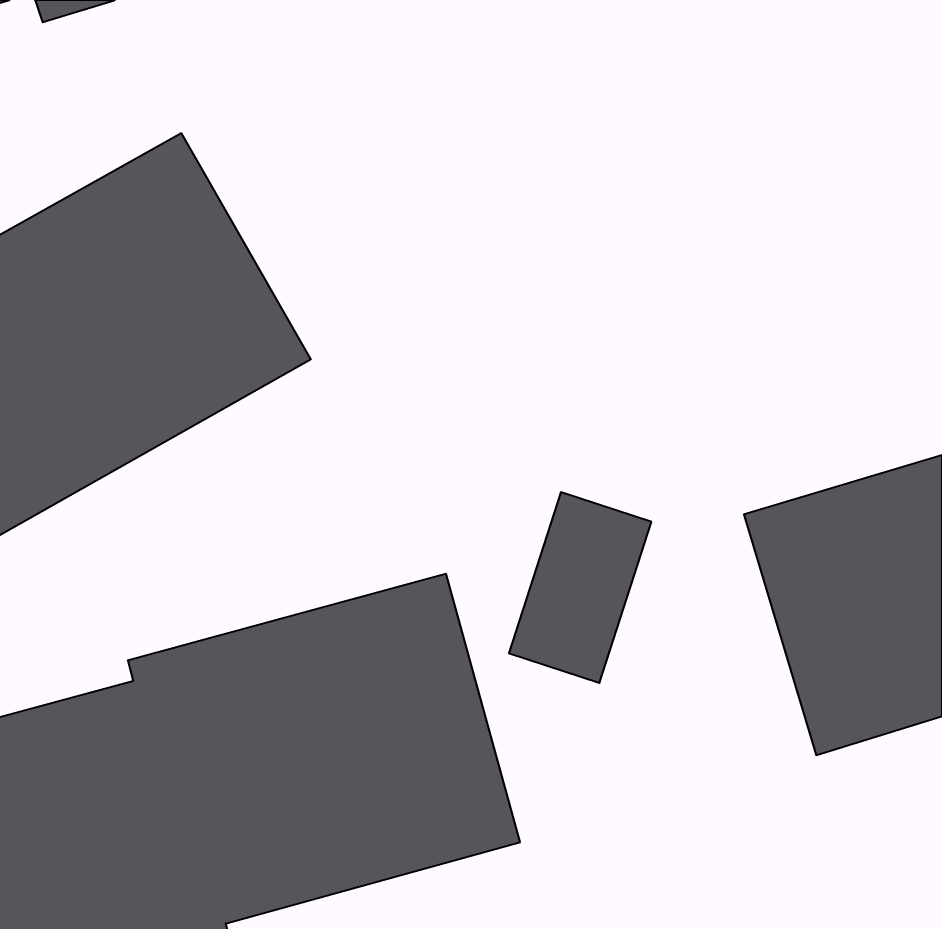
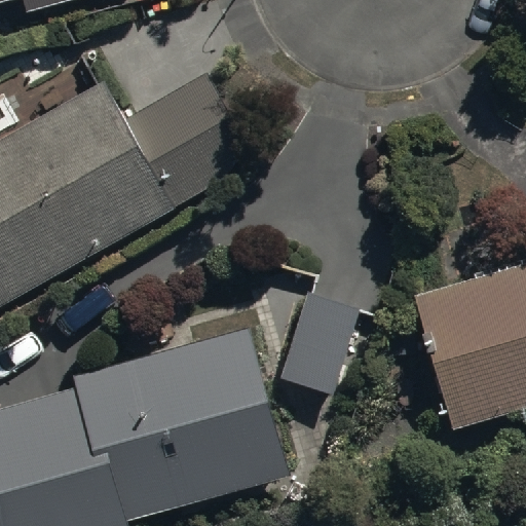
building: none -> [126,72,257,205]

